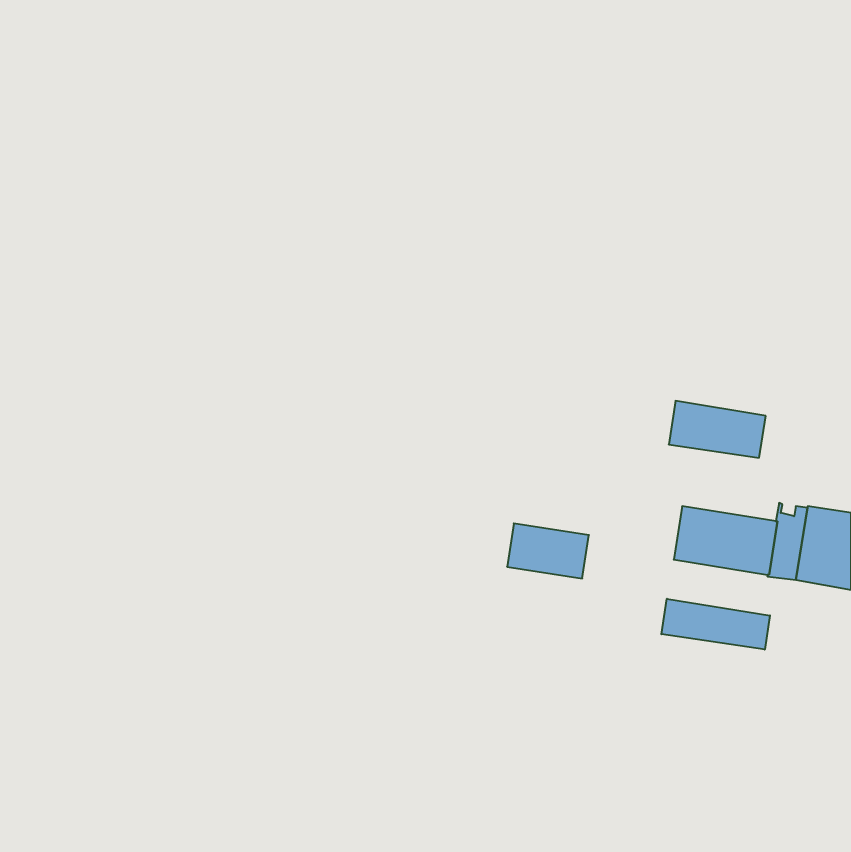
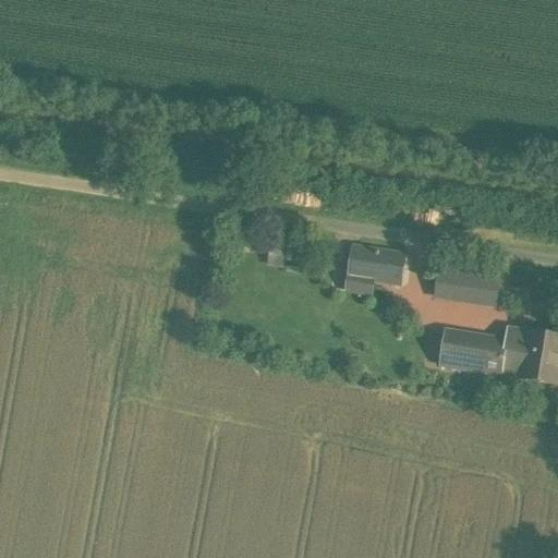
building: [507,523,589,578] -> [350,247,403,283]
building: [661,599,770,650] -> none

